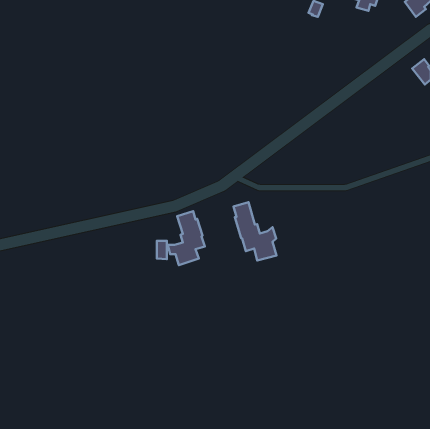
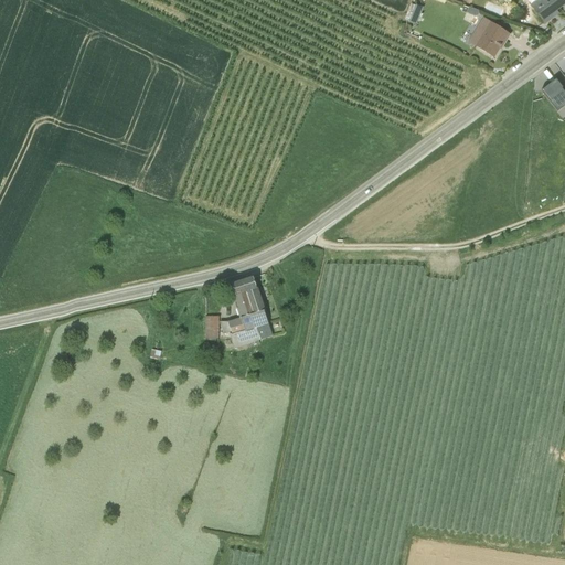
building: none -> [469,17,510,56]
building: [233,202,277,260] -> none

